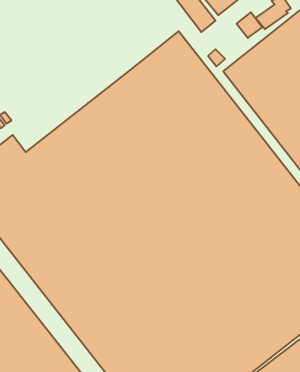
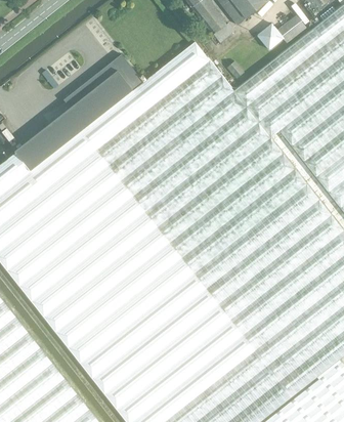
building: none -> [14,54,143,172]

